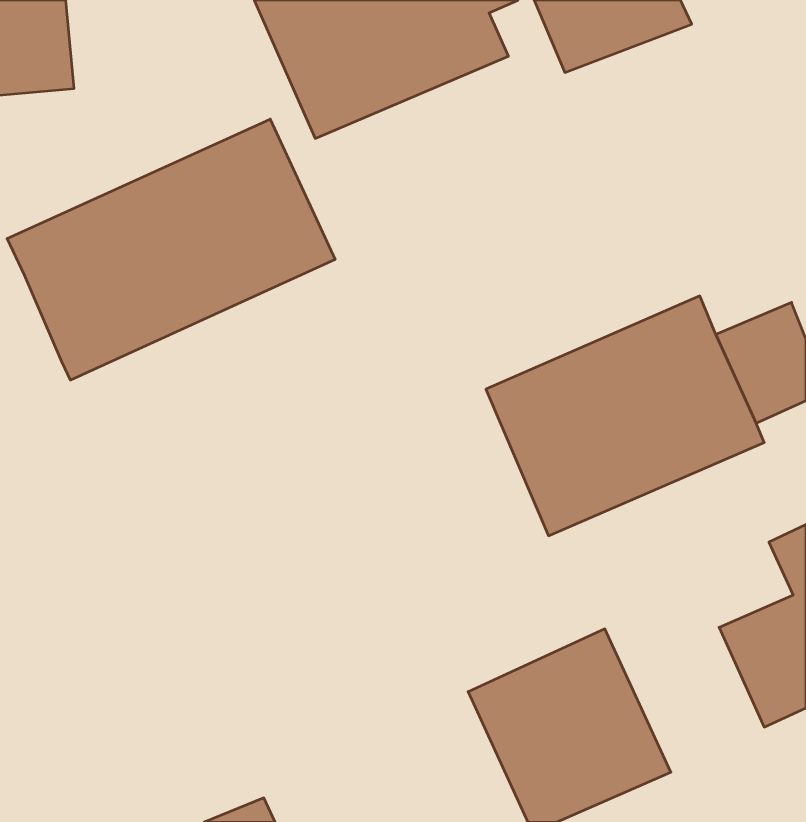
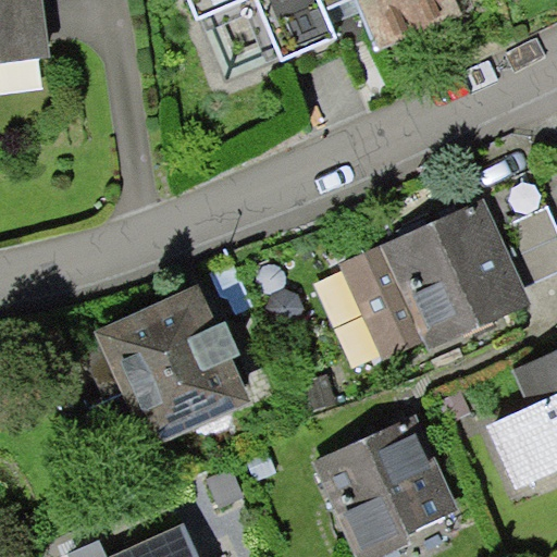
building: [7,119,335,380] -> none
building: none -> [104,292,260,450]

